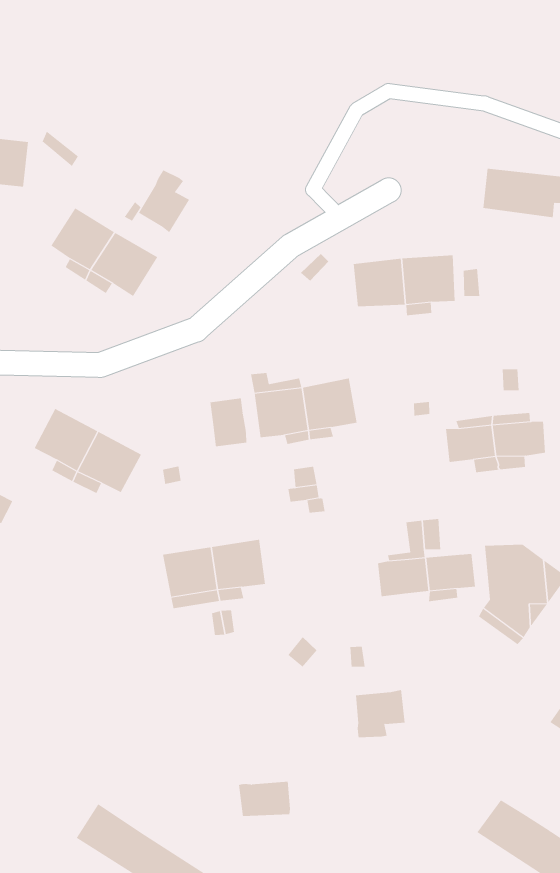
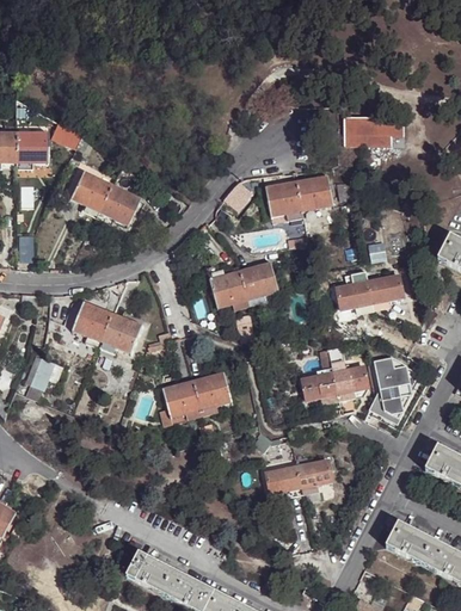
building: [138,170,190,233] -> none
building: [210,398,247,447] -> none
building: [238,781,291,816] -> [265,465,301,492]

